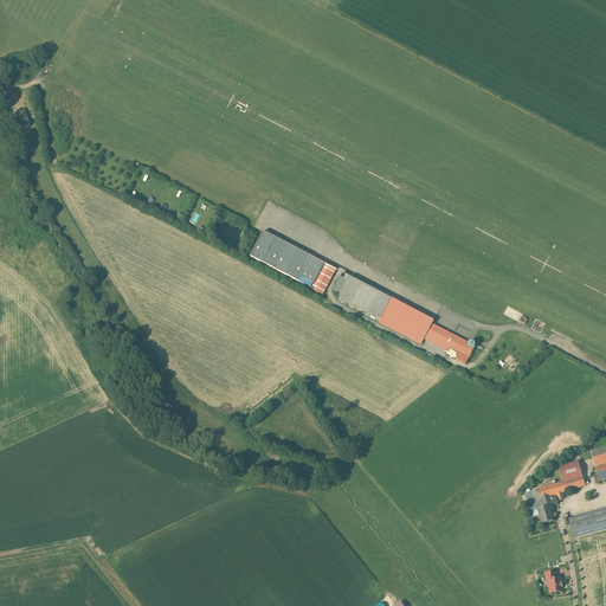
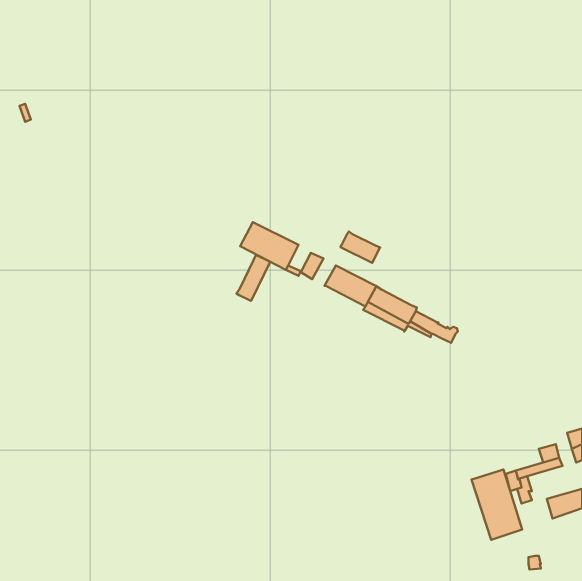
building: none -> [341,232,380,263]
building: none -> [237,254,270,301]
building: none -> [471,470,522,540]

